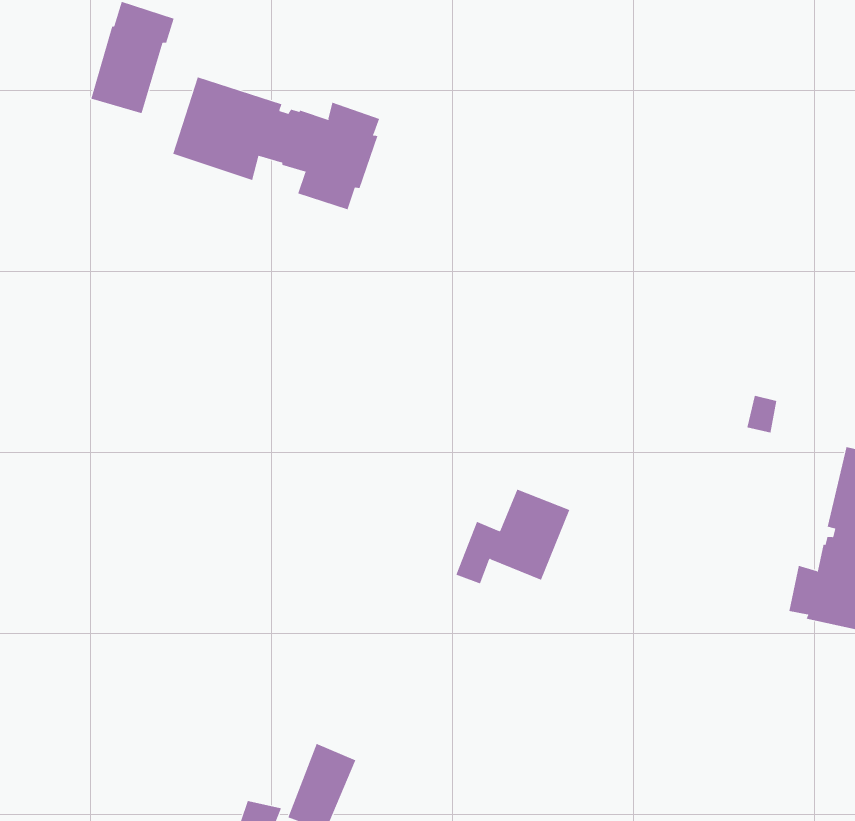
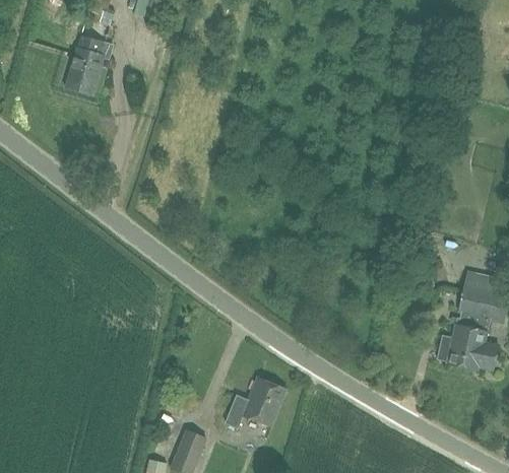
building: [173,76,380,210] -> none
building: [456,489,570,584] -> [226,378,287,428]

